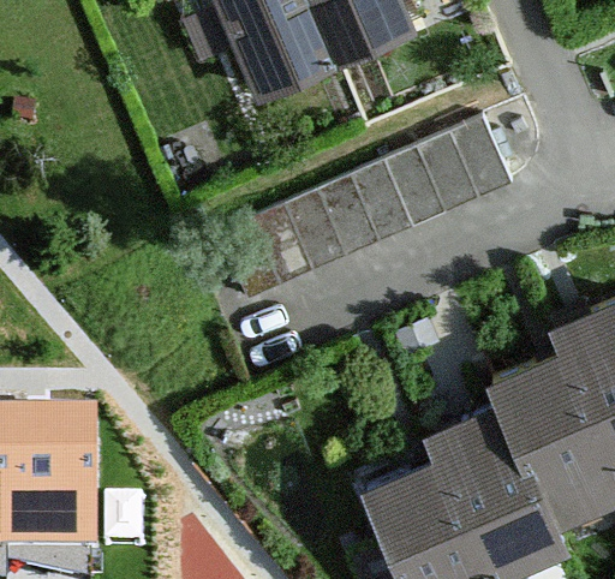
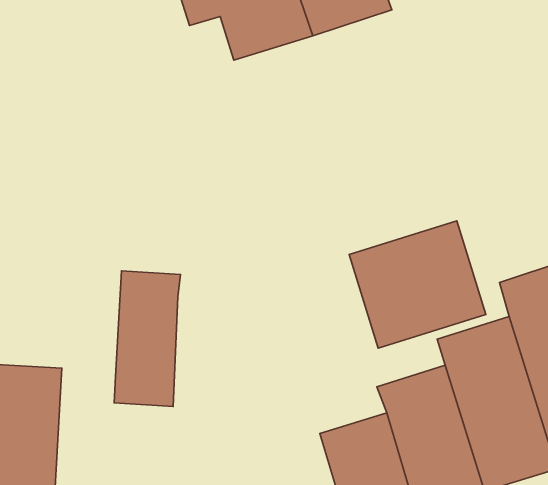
building: [304,109,527,252] -> none
building: none -> [349,221,486,348]
building: none -> [114,271,181,407]

